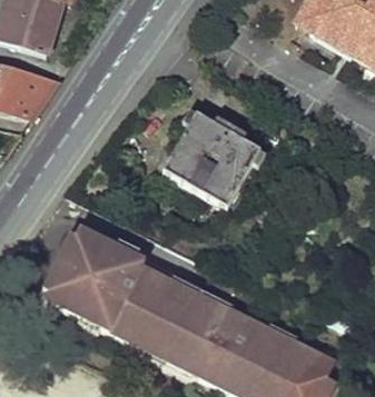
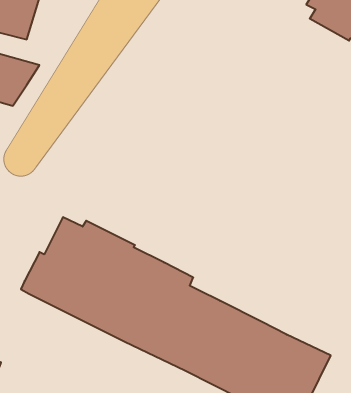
building: [157,111,250,202] -> none

